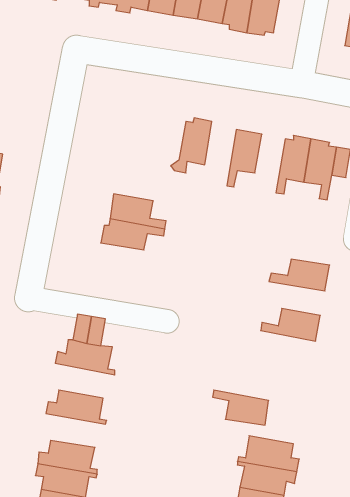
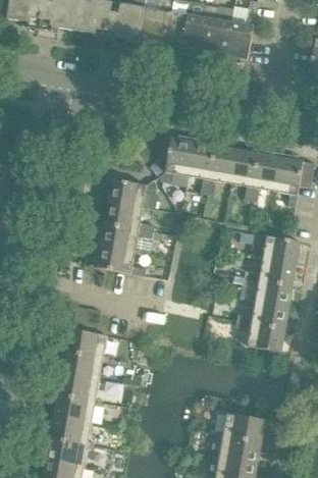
building: none -> [188,138,215,194]
building: none -> [231,149,258,200]
building: none -> [108,178,157,208]
building: none -> [253,232,301,263]
building: none -> [95,244,146,275]
building: none -> [243,277,293,307]
building: none -> [55,349,109,379]
building: [213,390,269,425] -> [235,320,284,351]
building: none -> [47,392,101,422]

